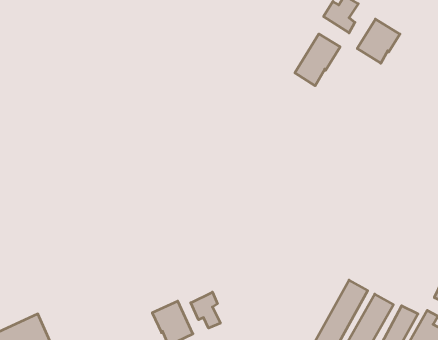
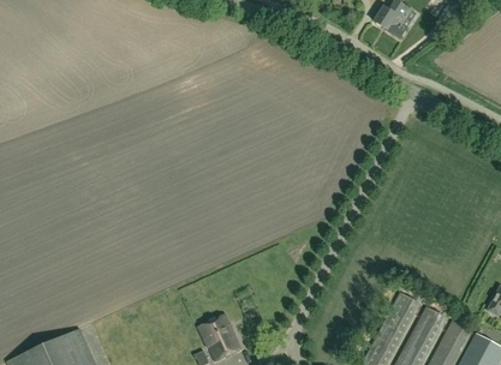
building: [357,19,400,63] -> none
building: [295,34,340,86] -> none
building: [191,292,220,328] -> none

